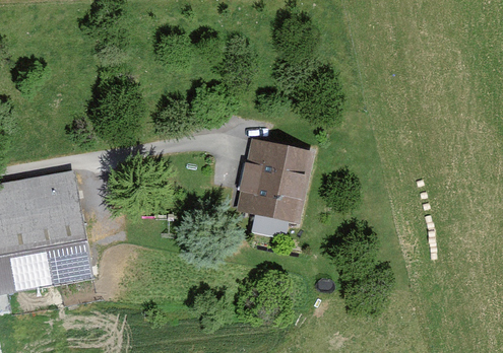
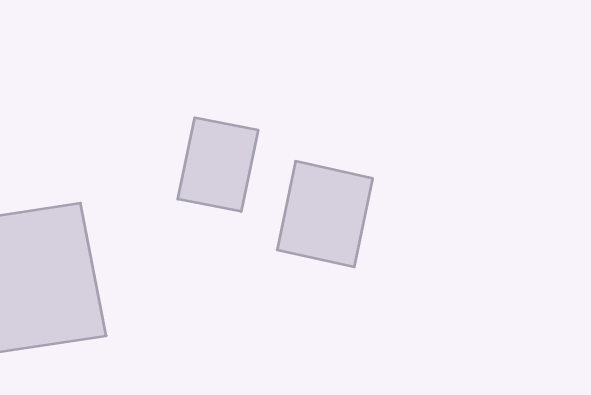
building: none -> [178,118,258,212]

